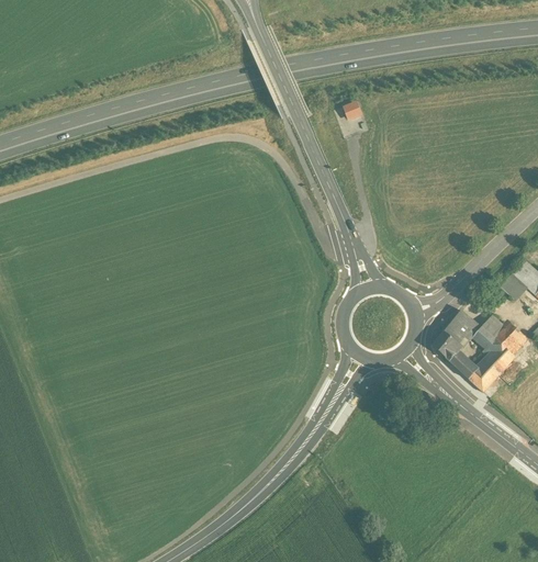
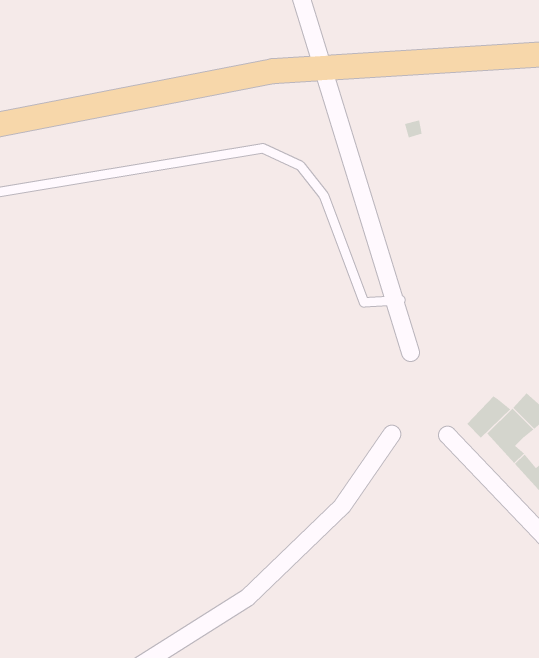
building: none -> [467,395,511,438]

